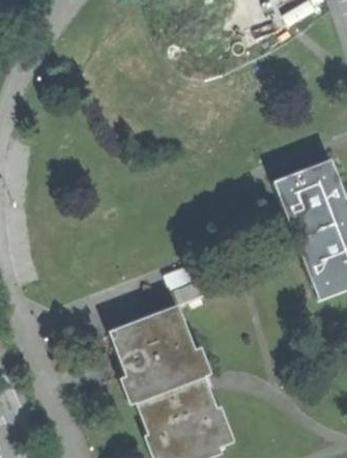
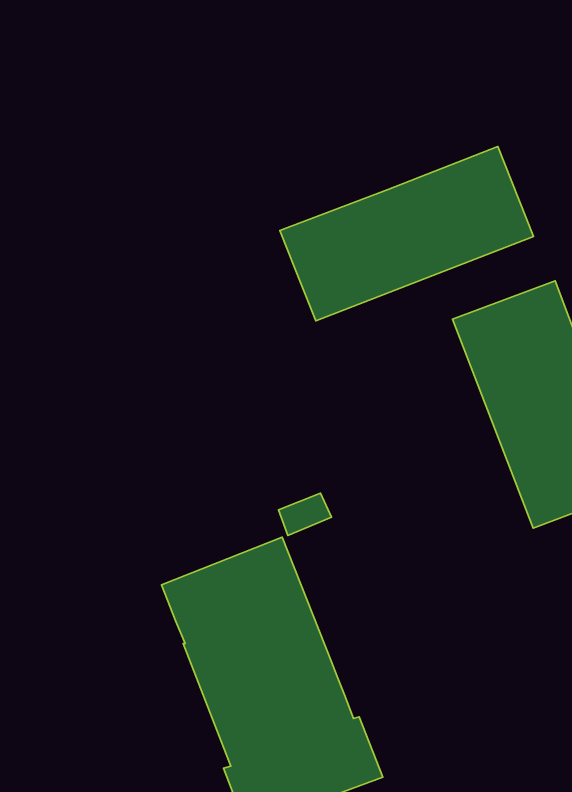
building: none -> [280,146,534,321]

